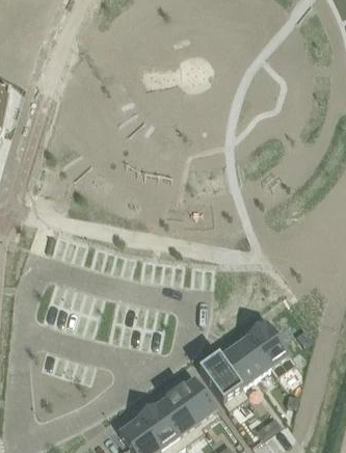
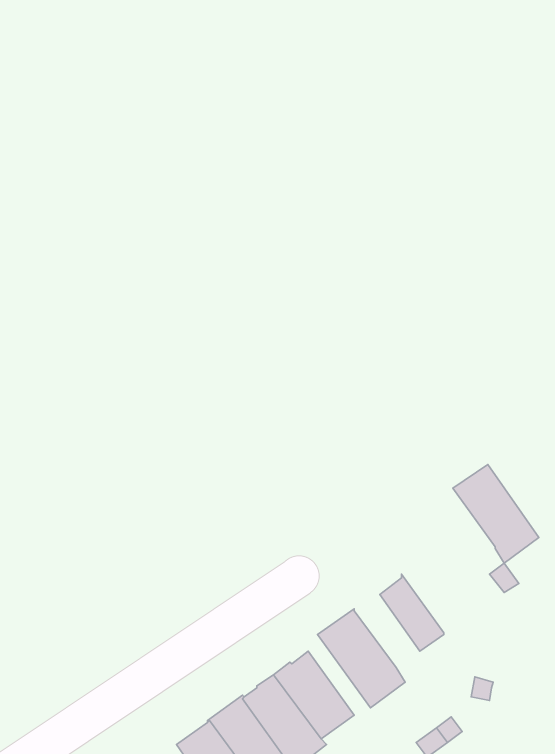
building: [246,319,295,375] -> [453,464,539,563]
building: [219,344,257,385] -> none

